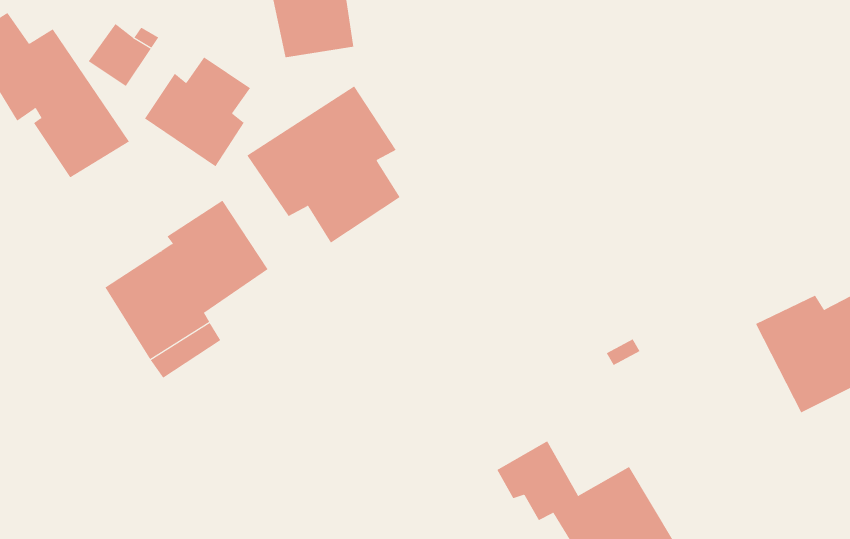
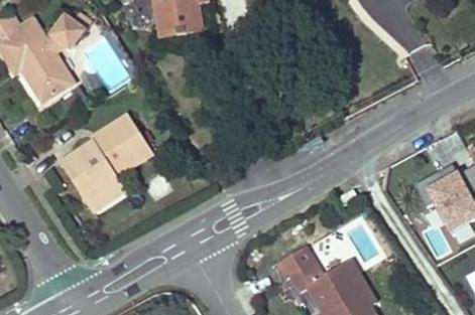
building: [144,57,251,167] -> none
building: [247,85,400,243] -> none

